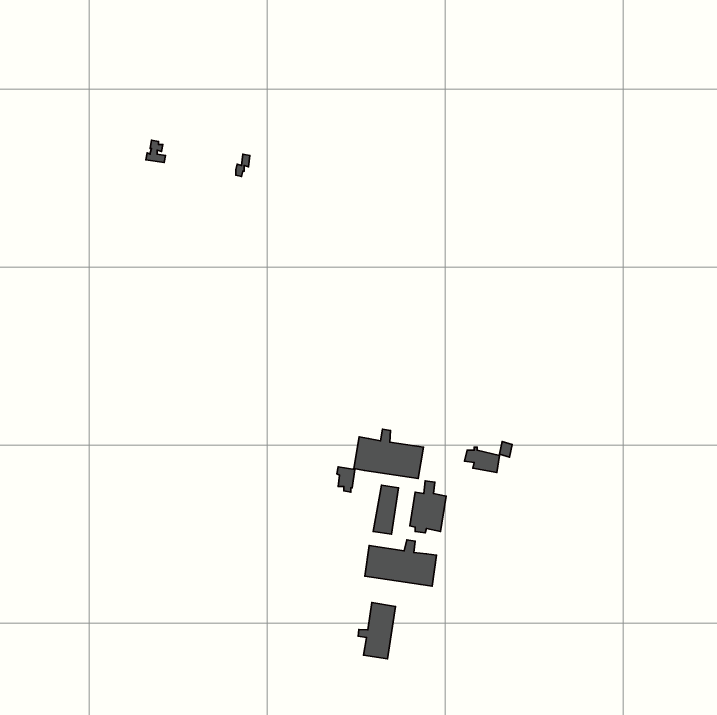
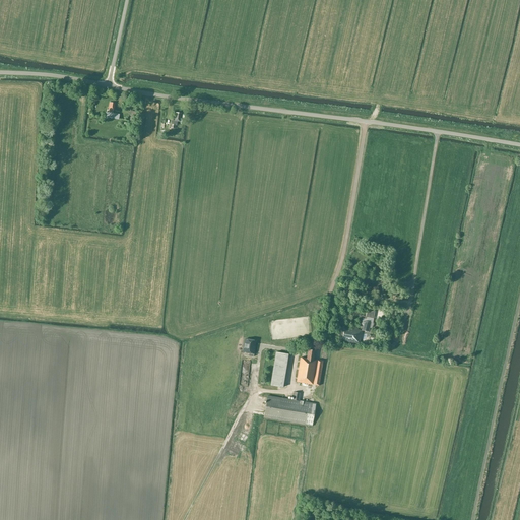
building: [354,429,423,479] -> none
building: [358,602,396,659] -> none

